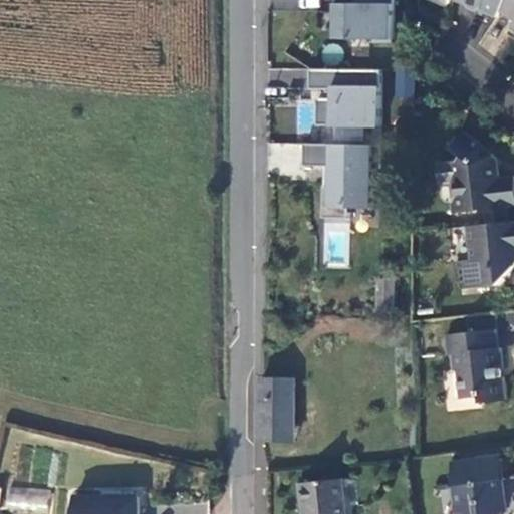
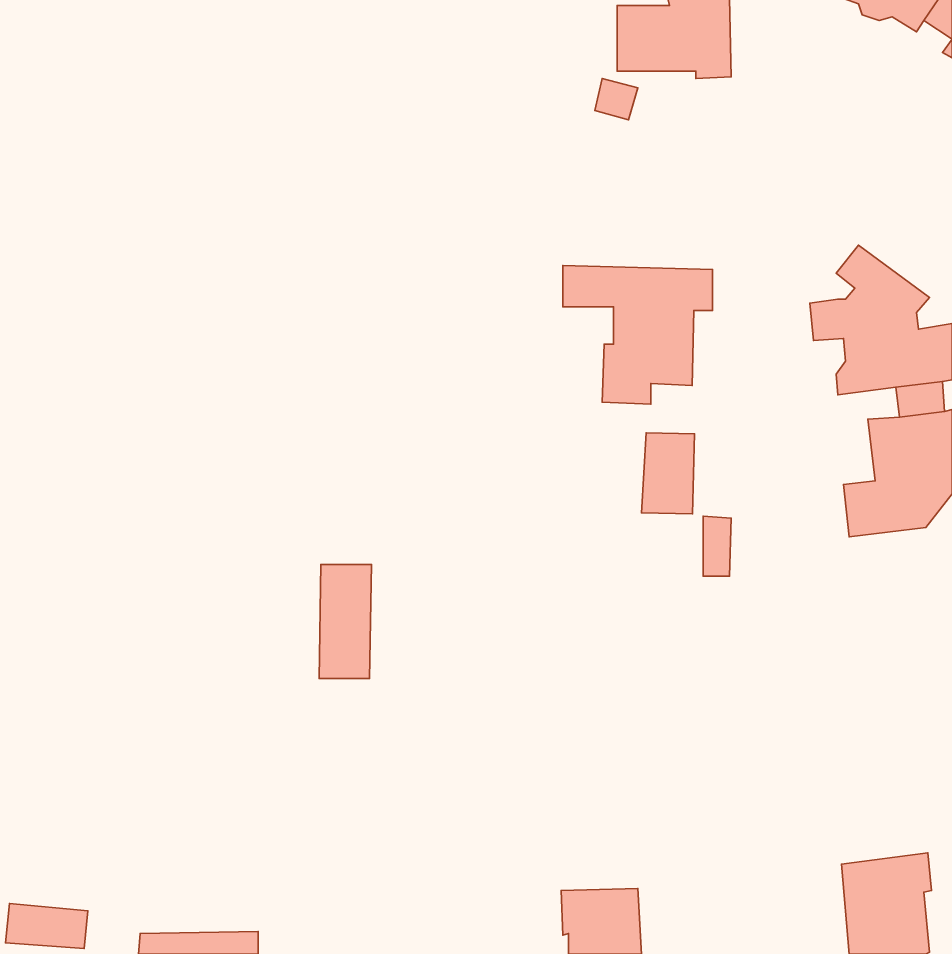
building: [308,68,380,124] -> none
building: none -> [642,433,694,514]
building: [441,329,502,402] -> none
building: [260,377,288,439] -> [319,565,371,679]

